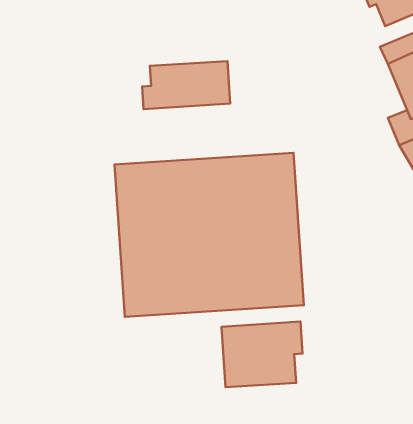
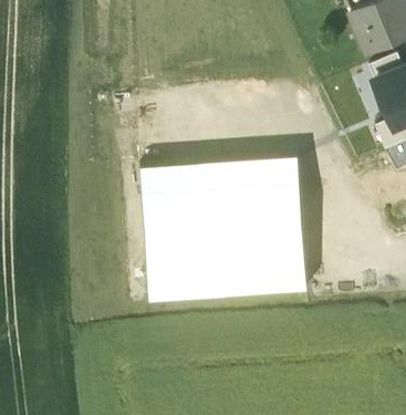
building: [142,61,230,109] -> none
building: [222,322,302,387] -> none

